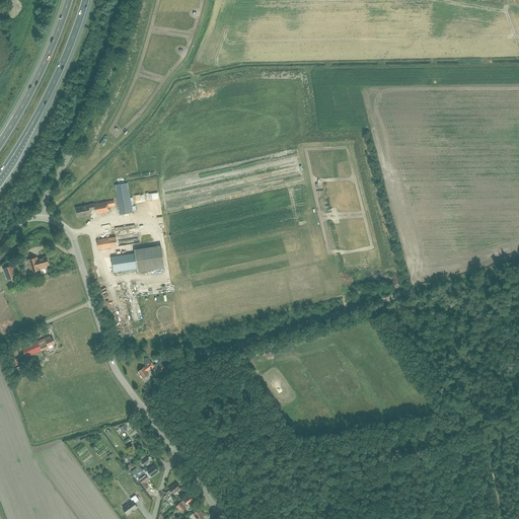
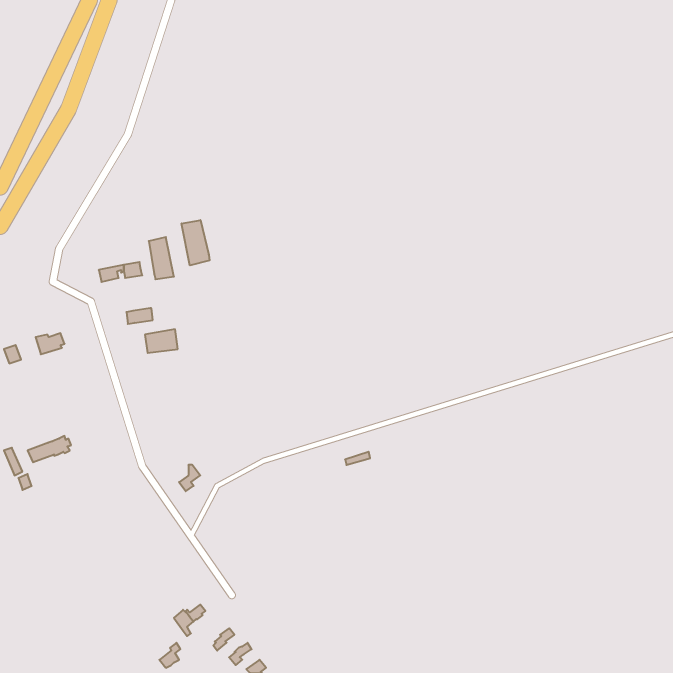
building: none -> [182,220,210,265]
building: [134,245,165,272] -> none

